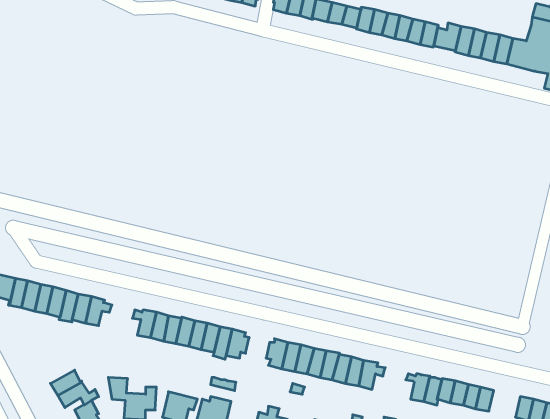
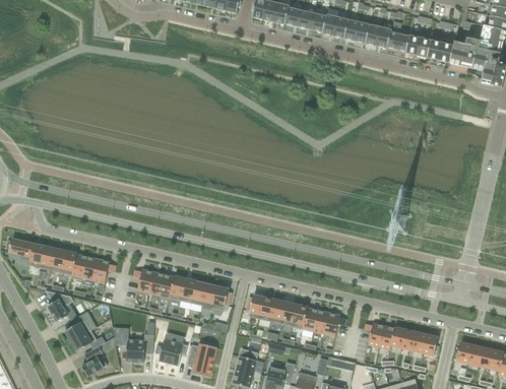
building: none -> [46,290,74,322]

